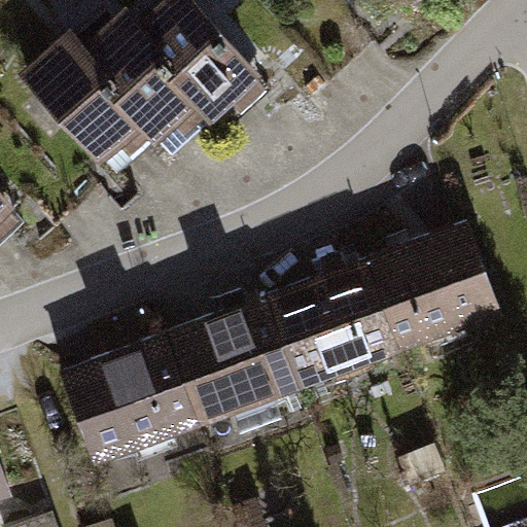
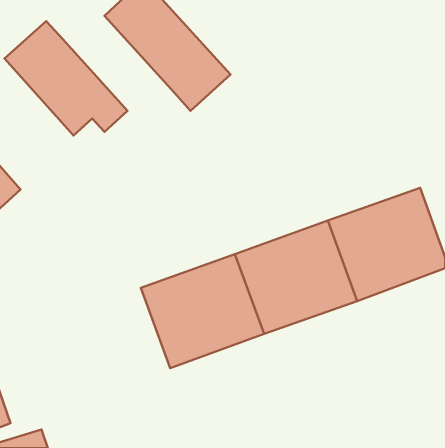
building: [69,5,203,144] -> none
building: [58,335,198,466] -> none

